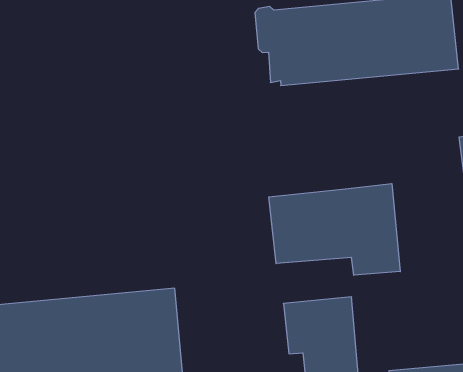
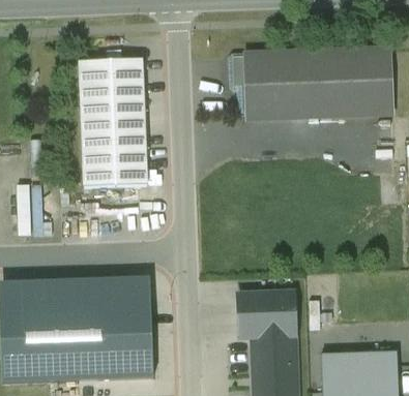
building: none -> [79,58,147,187]
building: [269,184,400,275] -> none

